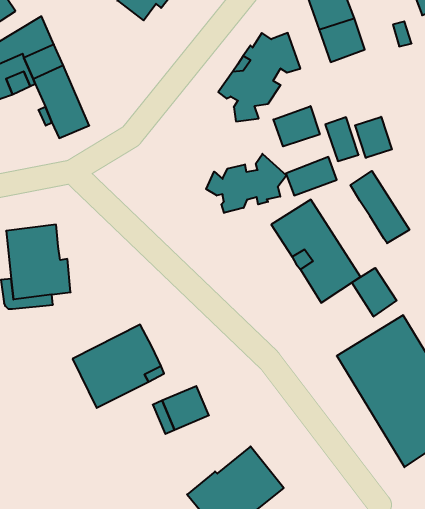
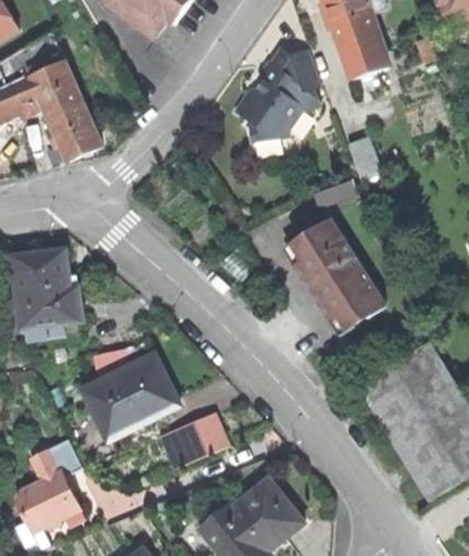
building: [273,106,320,146] -> none
building: [355,117,392,158] -> none
building: [206,154,287,213] -> none
building: [350,171,409,243] -> none
building: [352,268,397,317] -> none
building: none -> [17,439,81,529]

